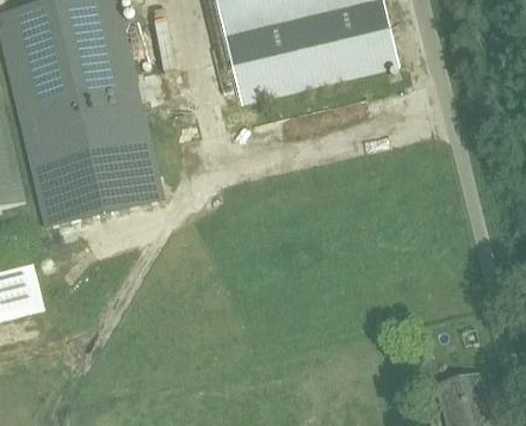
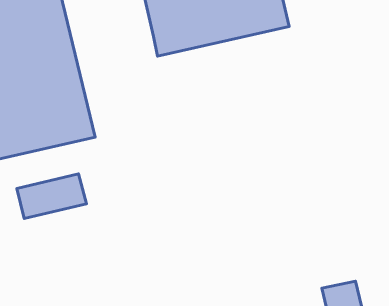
building: none -> [17,174,87,219]

